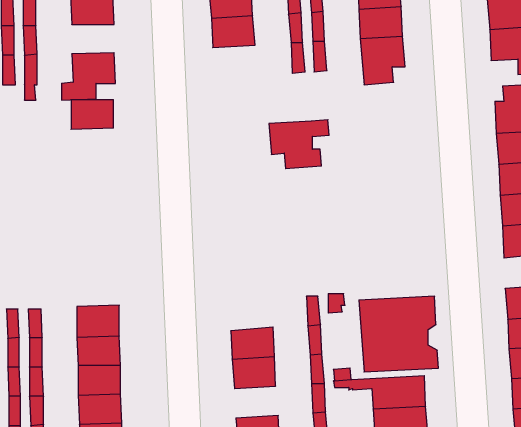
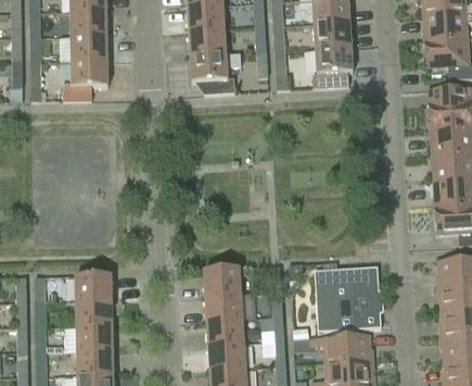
building: [71,100,113,129] -> [71,36,106,61]
building: [269,120,329,169] -> [190,52,241,94]
building: none -> [203,267,241,296]
building: none -> [208,343,245,370]

